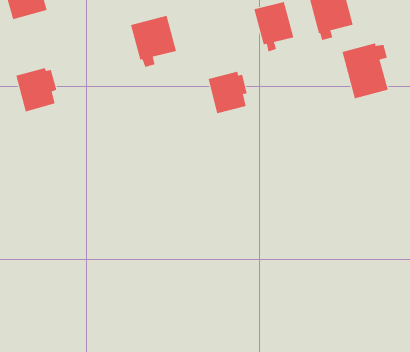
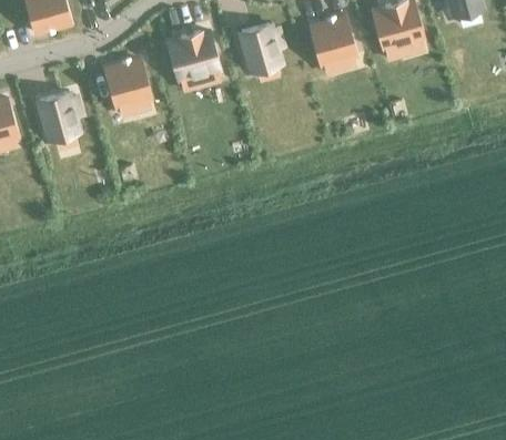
building: none -> [105,57,153,114]
building: [342,42,388,99] -> none
building: [208,71,248,114] -> [240,22,285,71]

